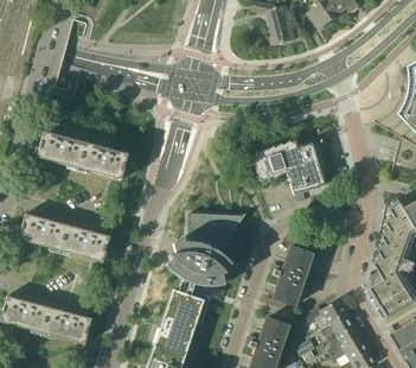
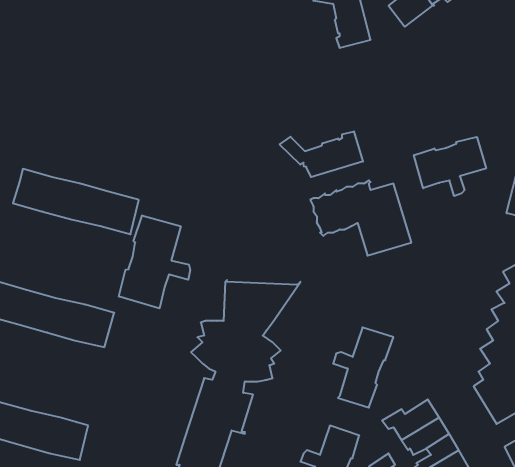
building: none -> [280,131,363,177]
building: none -> [414,137,486,196]
building: none -> [119,215,190,308]

